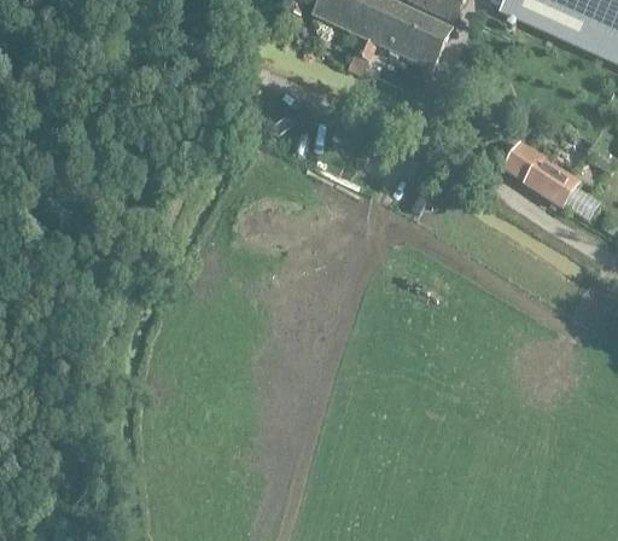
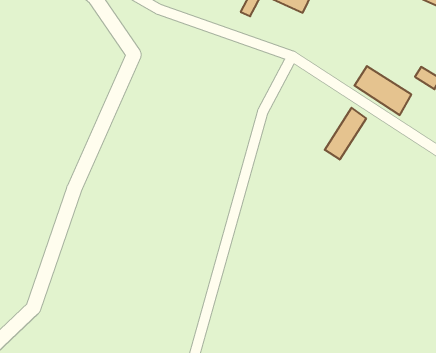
building: none -> [325,108,366,160]

